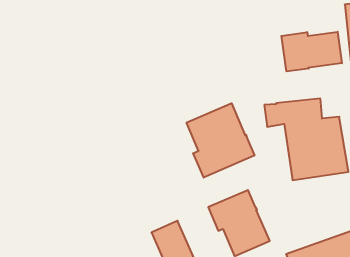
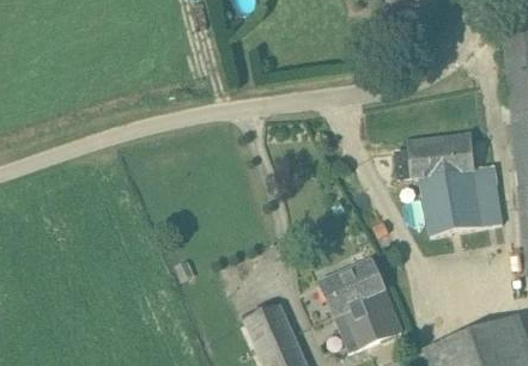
building: [281,32,342,71] -> none
building: [187,103,254,178] -> none

